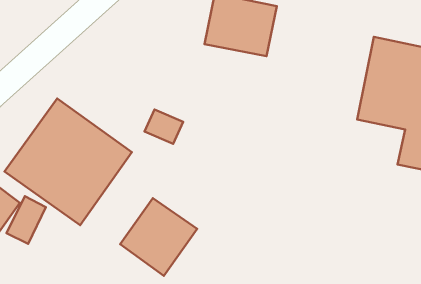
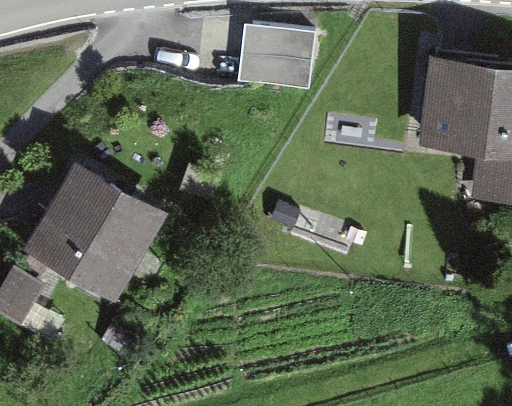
building: [120,198,197,276] -> none

